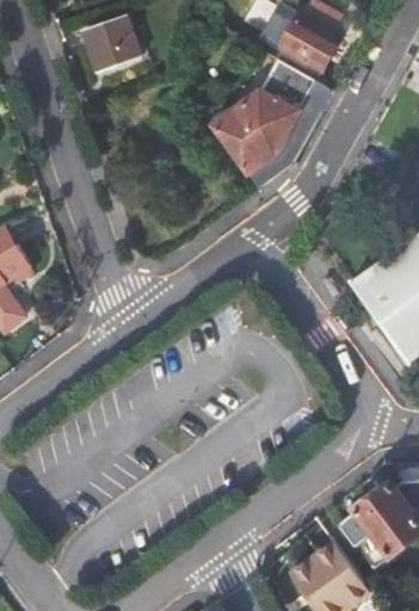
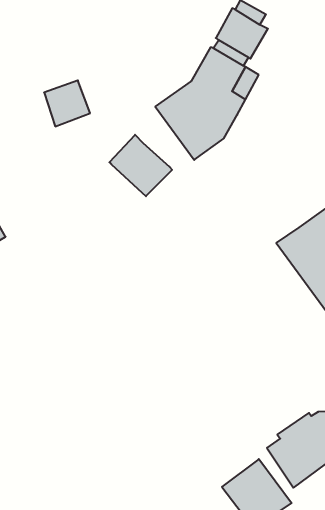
building: [80,13,134,67] -> [44,80,90,126]
building: none -> [109,135,172,196]

